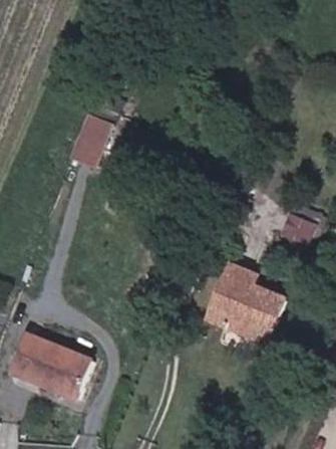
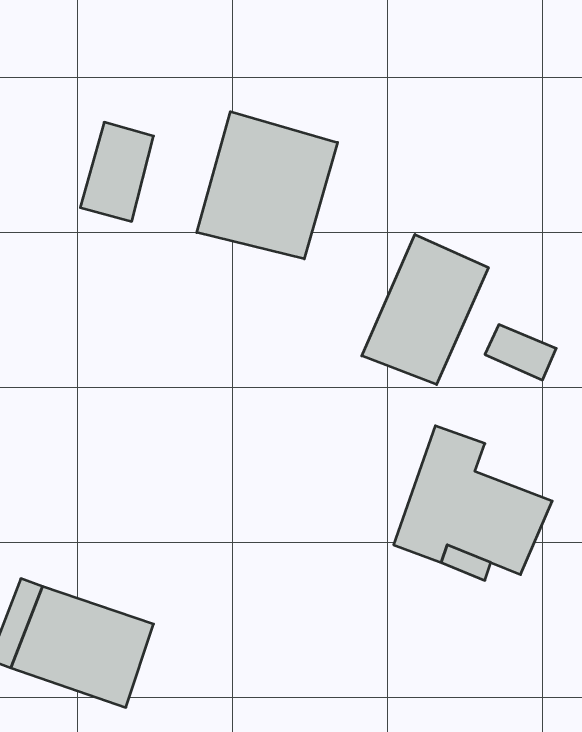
building: none -> [197,112,338,259]
building: none -> [362,234,488,385]

